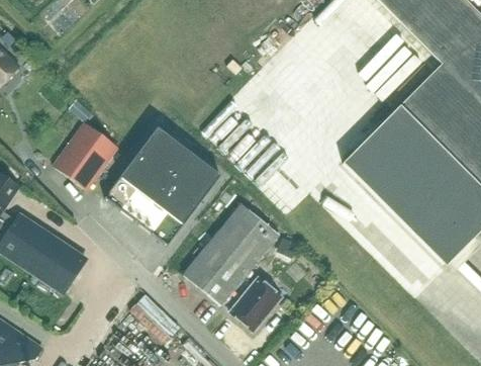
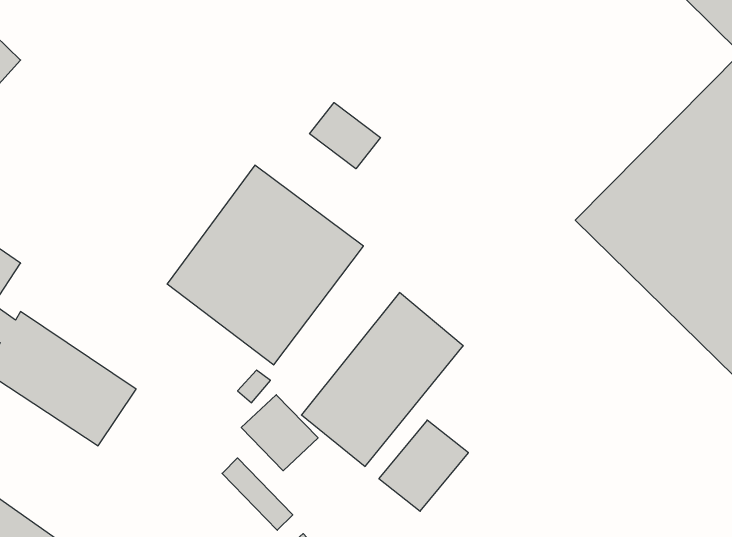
building: none -> [310,103,380,169]
building: [53,122,118,190] -> none
building: none -> [241,395,318,471]

